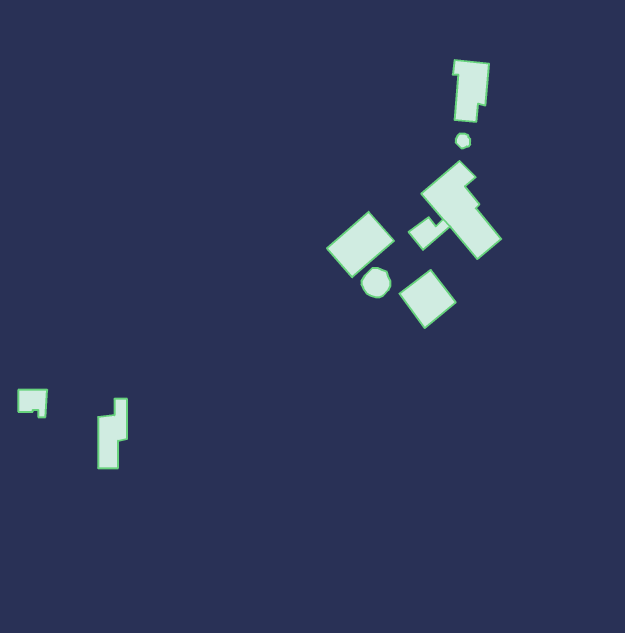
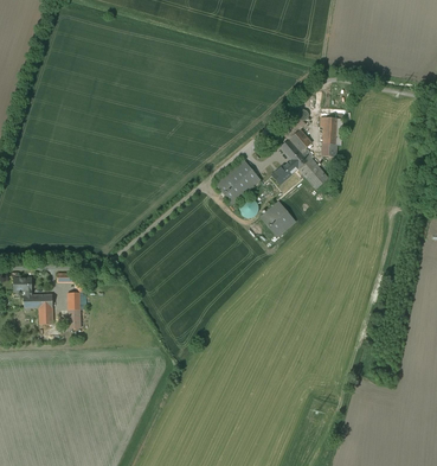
building: [453,60,489,122] -> [319,117,342,158]
building: none -> [24,294,53,324]

